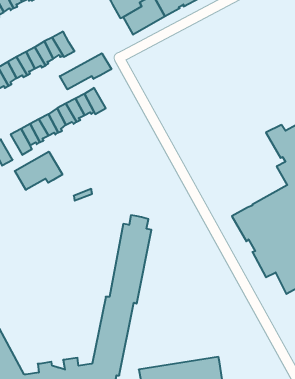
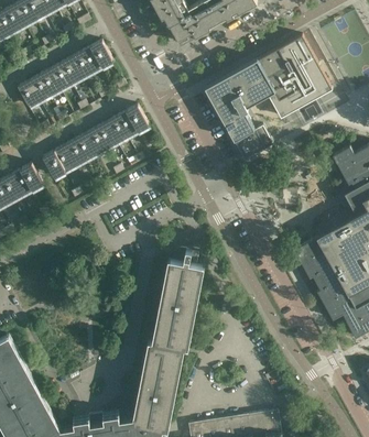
building: none -> [204,36,332,162]
building: [60,53,111,89] -> none
building: [15,152,62,190] -> none

